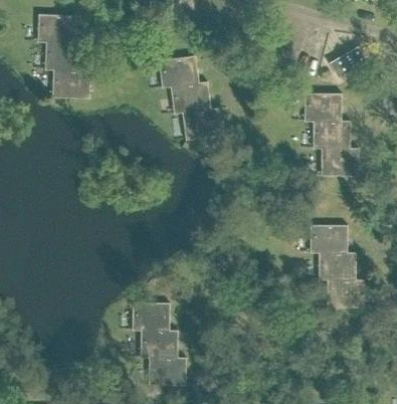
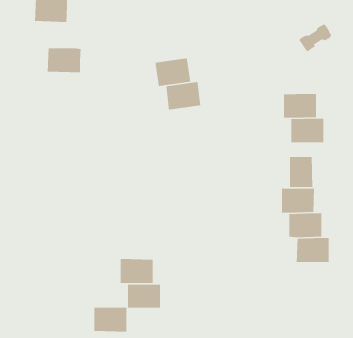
building: [45,42,82,70] -> none
building: [159,55,199,87] -> none
building: [305,93,342,122] -> none
building: none -> [289,156,313,188]
building: [149,358,186,386] -> [93,307,127,332]

